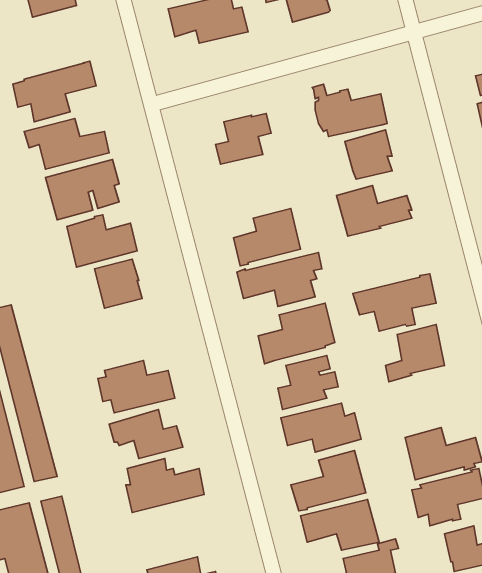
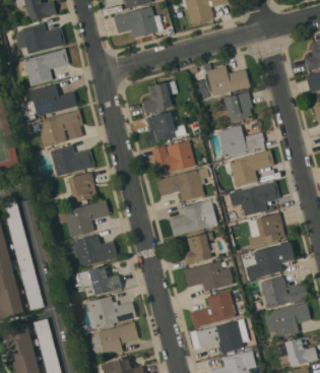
building: none -> [15,22,65,54]
building: none -> [145,112,186,144]
building: none -> [220,149,273,187]
building: none -> [58,199,109,238]
building: none -> [245,242,294,281]
building: none -> [90,322,138,357]

